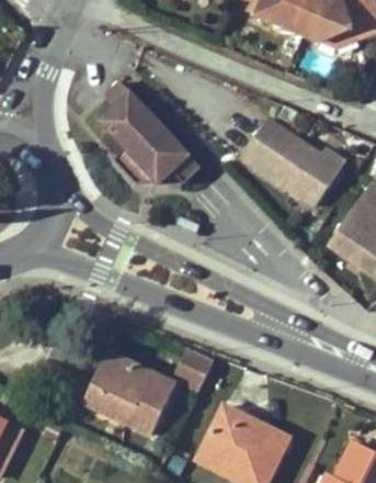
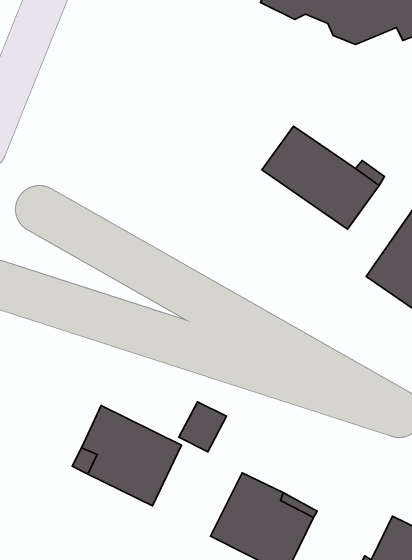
building: [100,81,200,183] -> none

